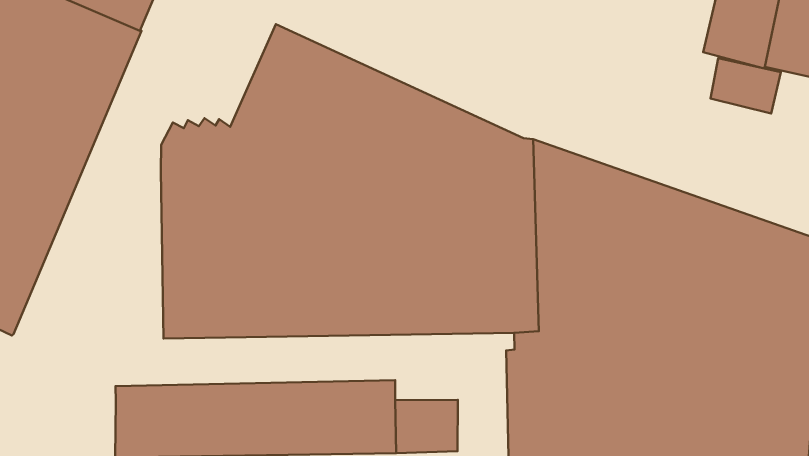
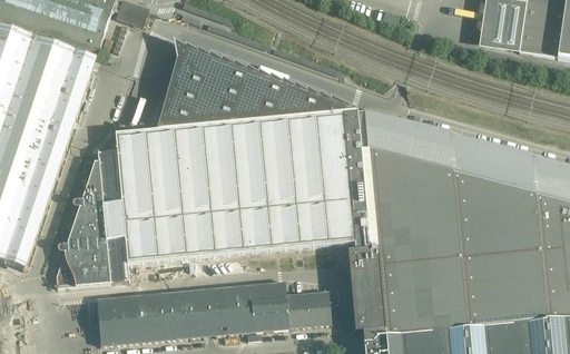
building: [710,58,781,113] -> none
building: none -> [52,150,129,287]

